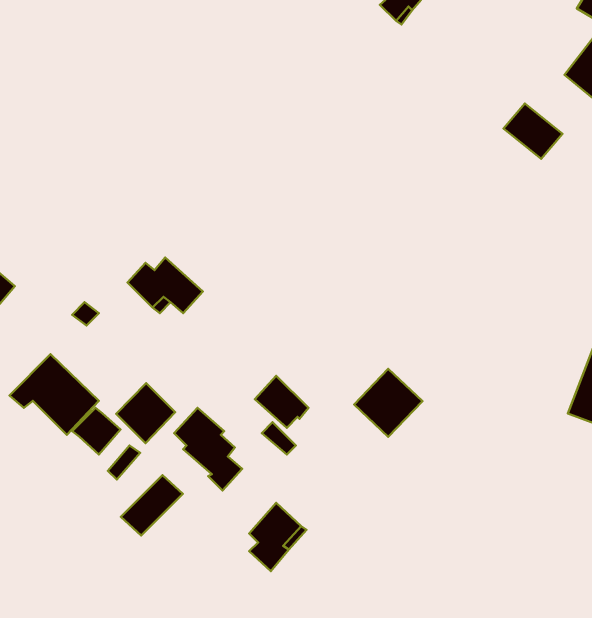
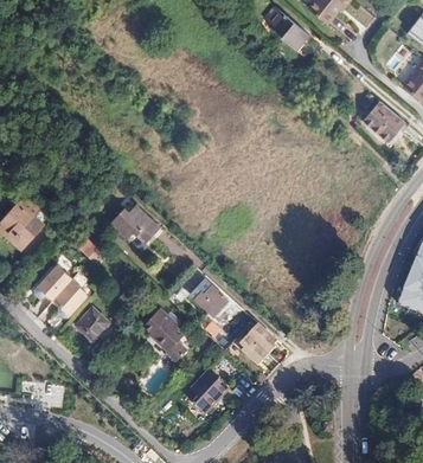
building: [354,369,422,437] -> [237,323,282,368]
building: [116,383,175,443] -> none
building: [121,475,183,536] -> none

